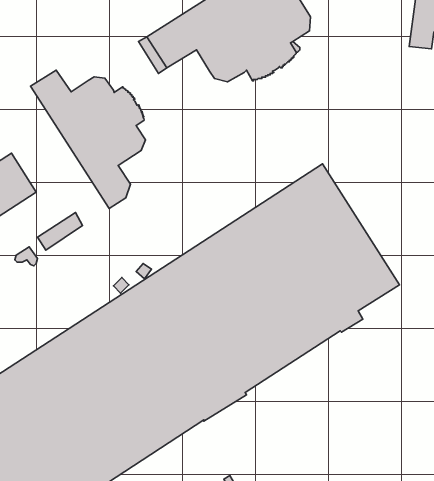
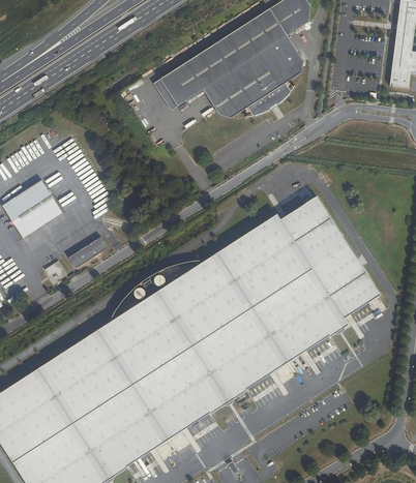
building: [31,70,145,208] -> none

